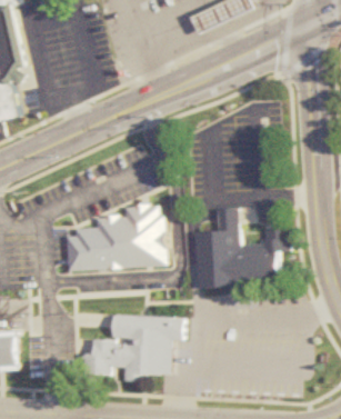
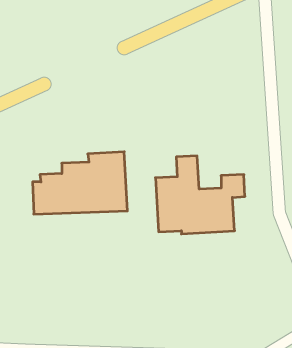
building: [89,316,182,381] -> none

